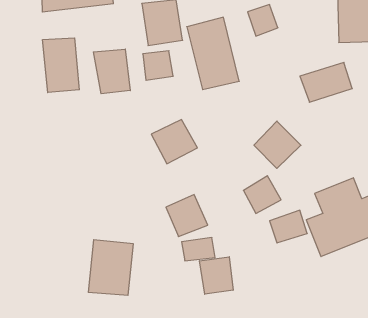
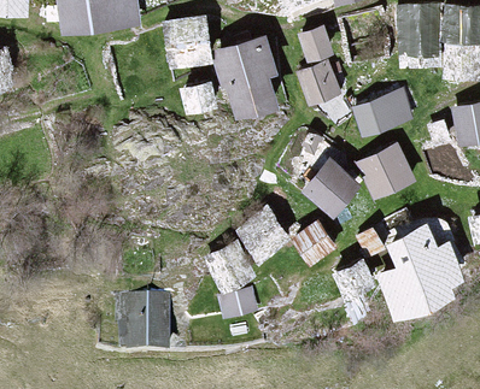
building: none -> [297,60,343,106]
building: [43,38,79,93] -> none
building: [93,49,130,94] -> none
building: none -> [357,143,415,199]
building: [151,120,197,164] -> [236,211,289,261]
building: [200,257,233,294] -> none

